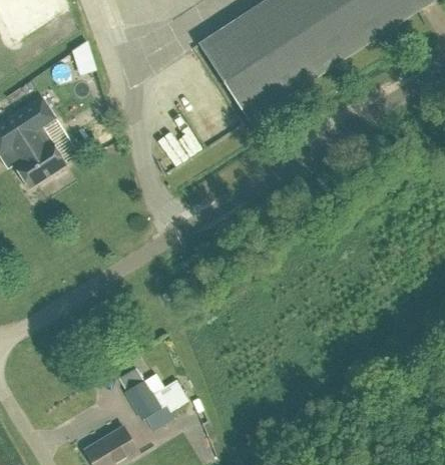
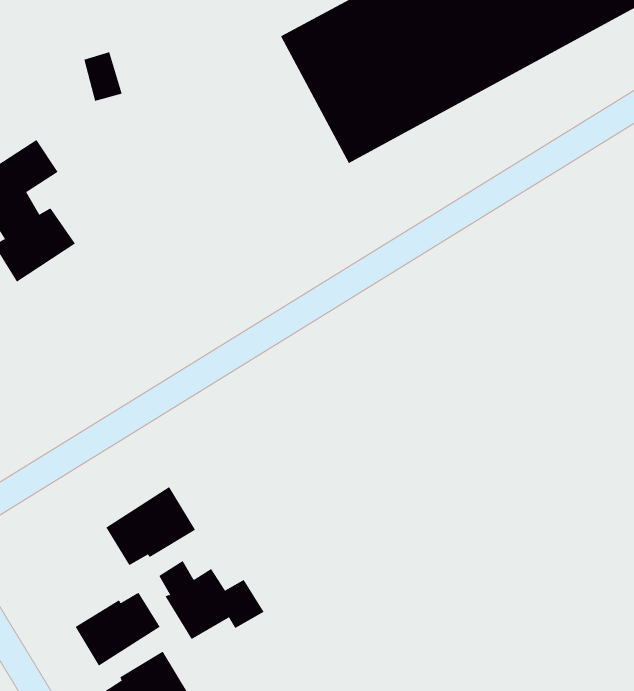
building: none -> [105,486,196,566]
building: none -> [75,592,160,666]

